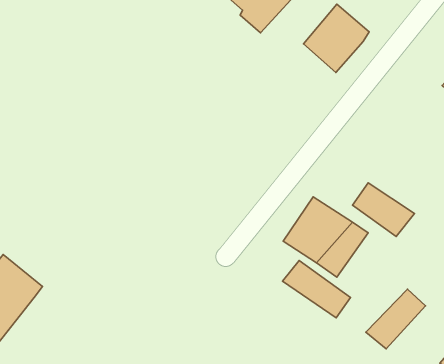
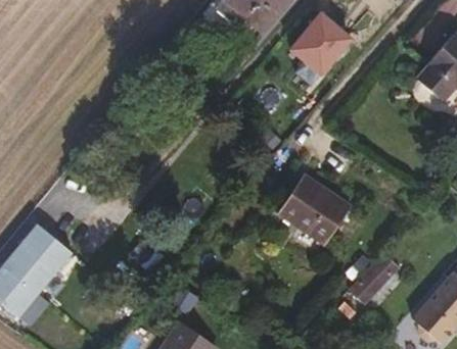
building: [353,183,414,237] -> none
building: [282,261,351,318] -> none

